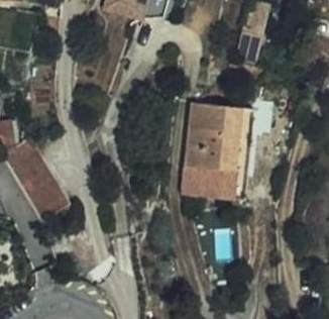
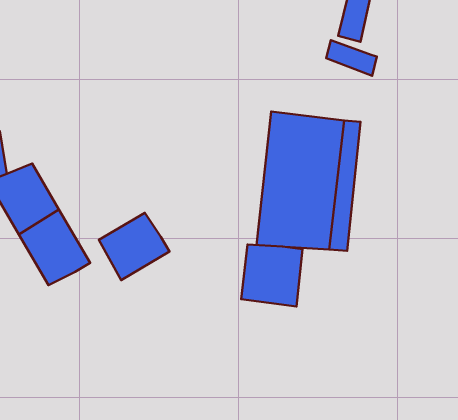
building: none -> [99,213,169,280]
building: none -> [241,245,303,307]

